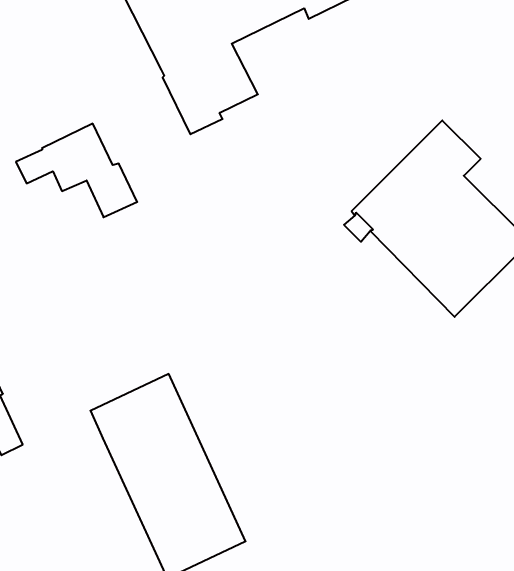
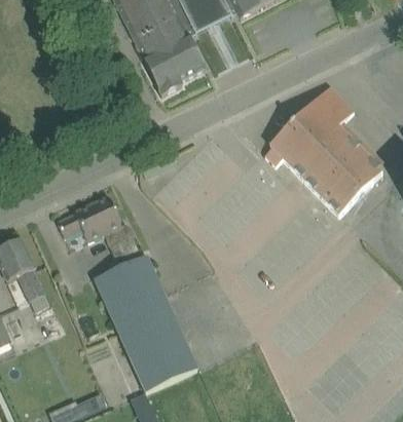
building: [16,124,137,217] -> [57,195,138,258]

